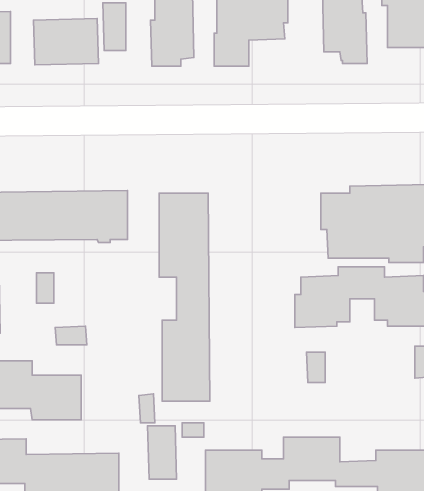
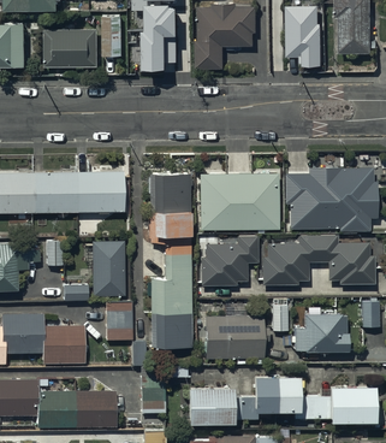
building: none -> [200,173,279,230]
building: none -> [201,236,257,285]
building: none -> [91,241,125,296]
building: none -> [106,302,132,339]
building: none -> [204,314,269,360]
building: none -> [293,314,349,353]

